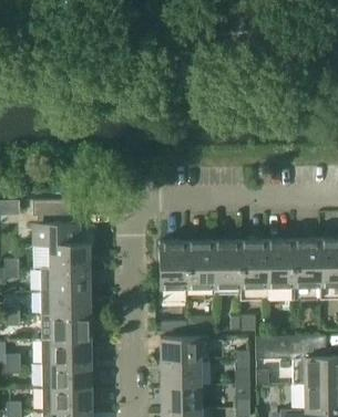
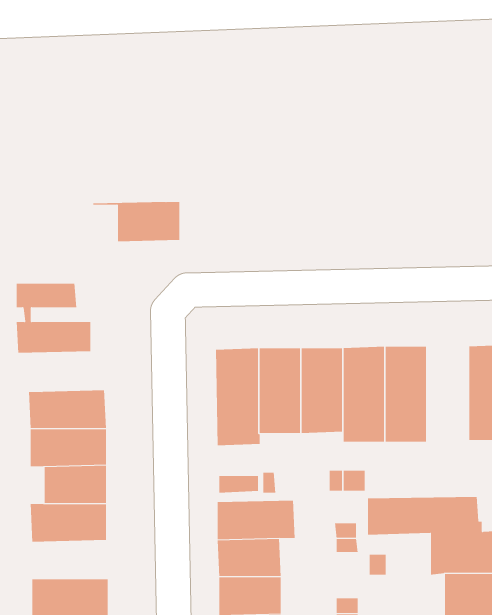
building: [294,239,320,300] -> none
building: [34,242,90,268] -> [93,202,180,242]
building: [43,362,92,386] -> none

